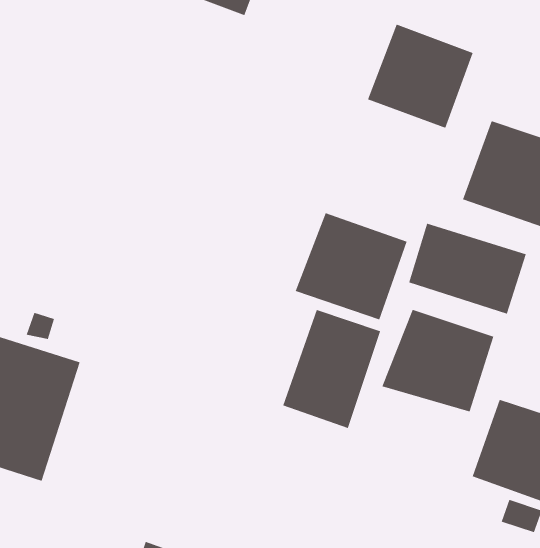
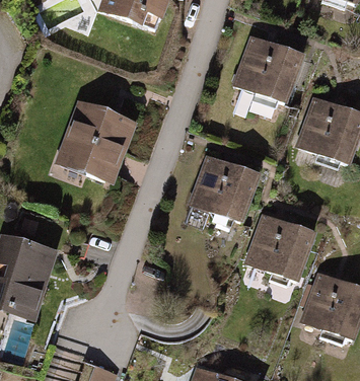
building: none -> [56,102,137,182]
building: [409,223,526,315] -> none
building: [282,309,381,429] -> none

